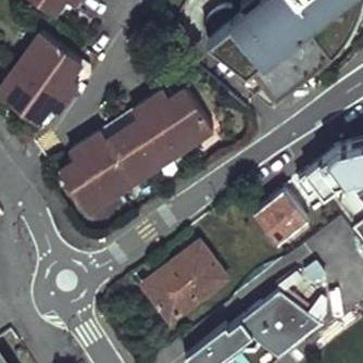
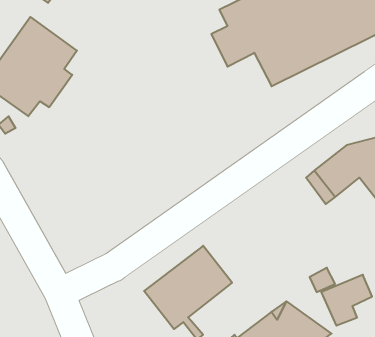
building: [54,85,213,209] -> none
building: [251,189,308,245] -> none

